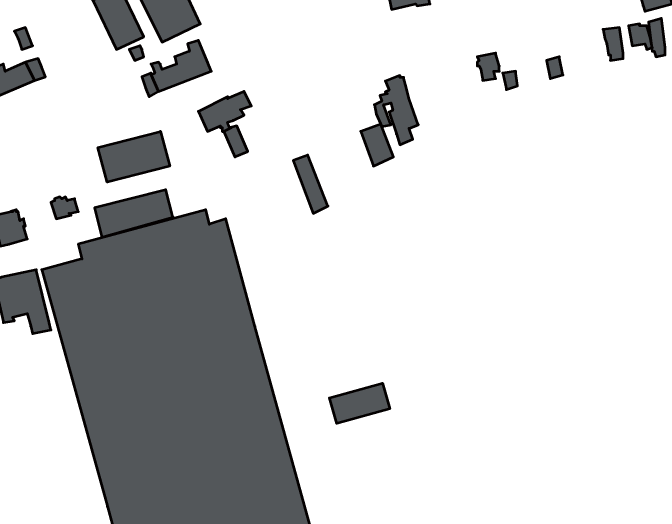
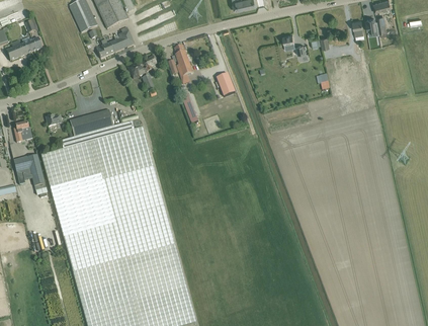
building: [374,76,418,145] -> [169,46,193,84]
building: [98,131,170,182] -> none
building: [329,383,390,423] -> none

